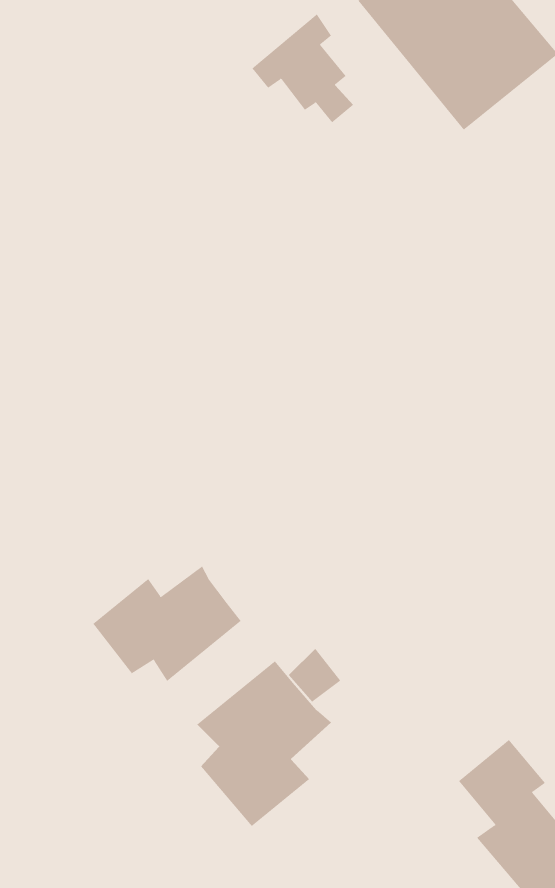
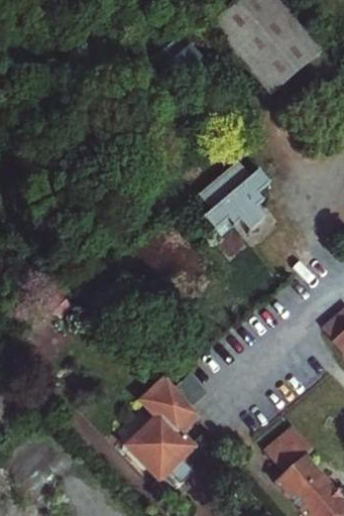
building: none -> [203,160,272,235]
building: [93,566,242,682] -> none

